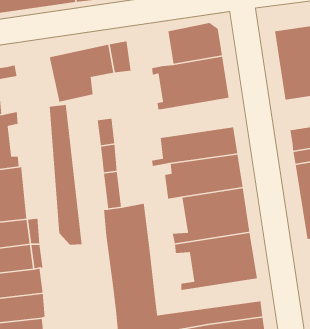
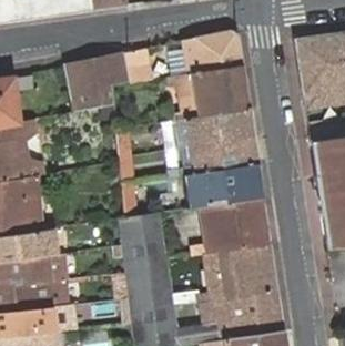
building: none -> [174,108,254,147]
building: [49,104,82,246] -> none
building: none -> [199,292,282,325]

